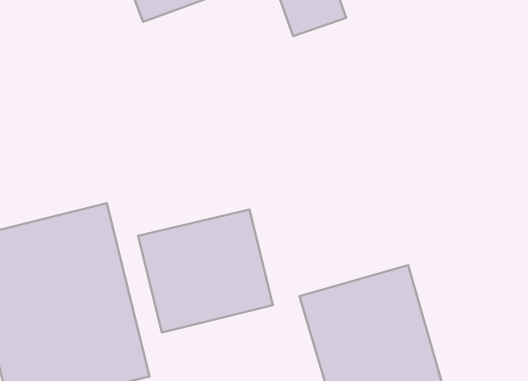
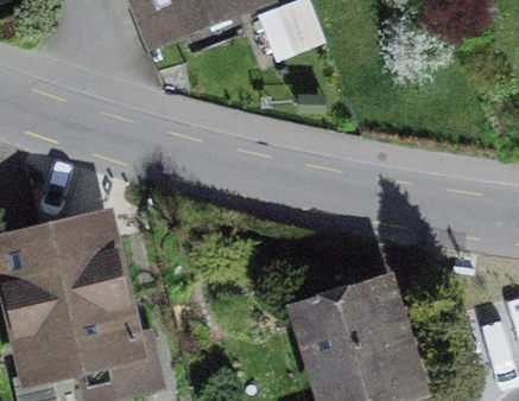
building: [138,209,273,332] -> none

